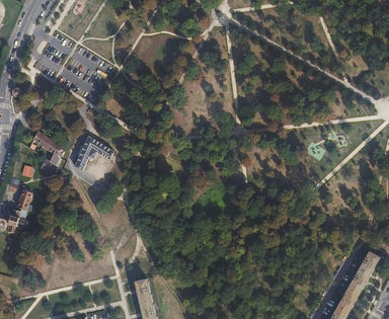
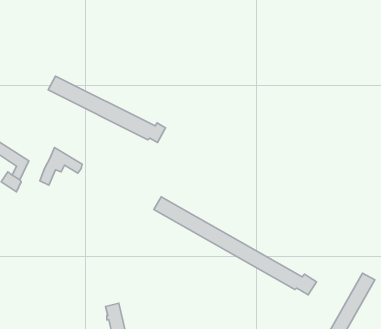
building: none -> [48,76,166,142]
building: none -> [154,197,317,295]

